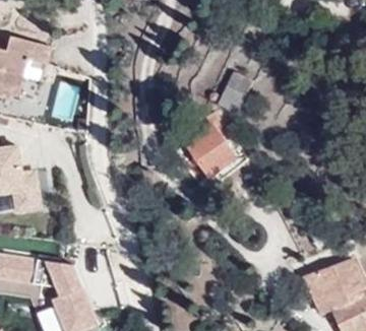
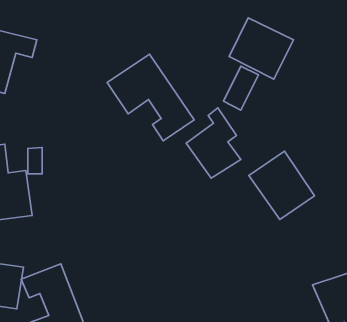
building: none -> [229,18,293,79]
building: none -> [107,54,194,141]
building: none -> [249,151,314,220]

